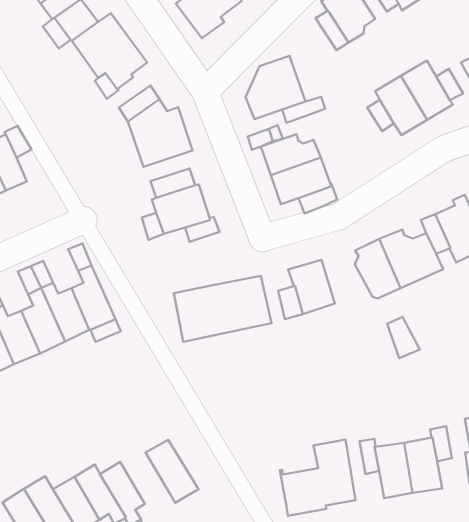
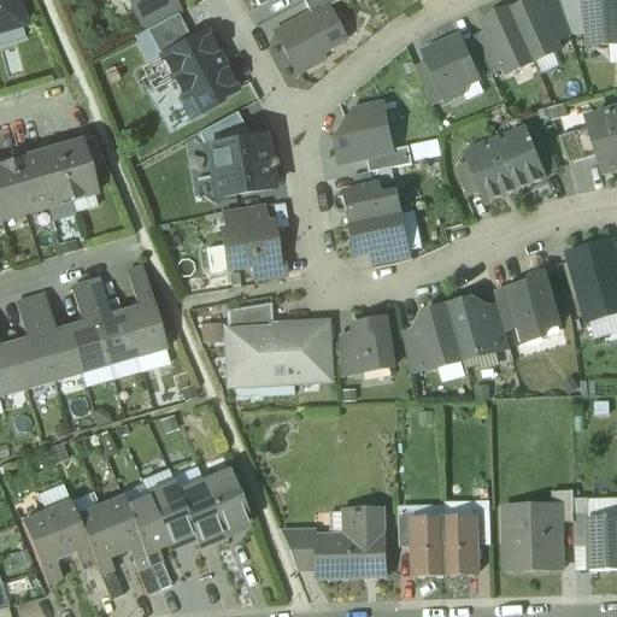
building: none -> [228,301,272,329]
building: [387,317,420,358] -> [404,327,434,369]
building: none -> [201,468,249,535]
building: none -> [147,481,195,547]
building: none -> [278,528,313,568]

